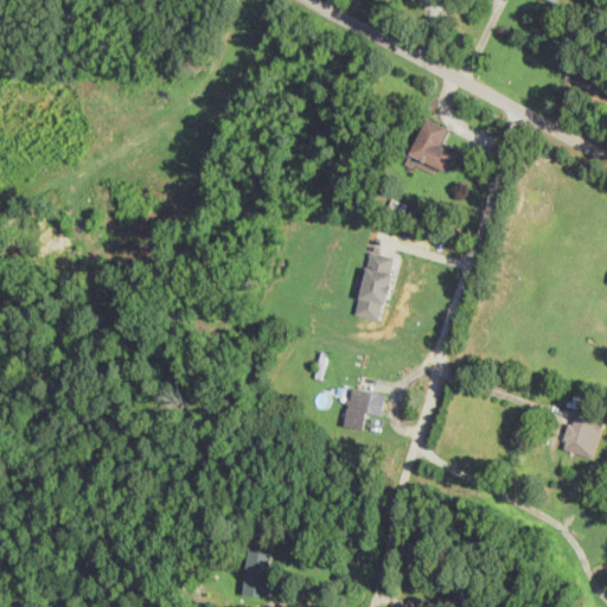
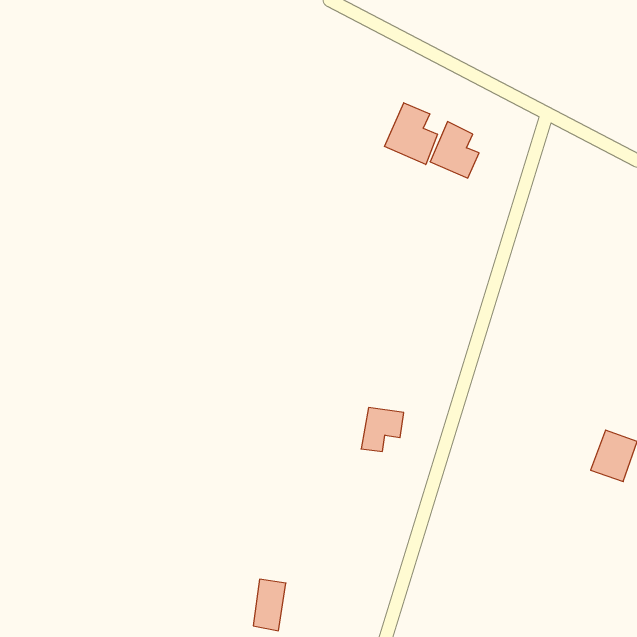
building: none -> [384,103,437,165]
building: [354,255,392,321] -> none

